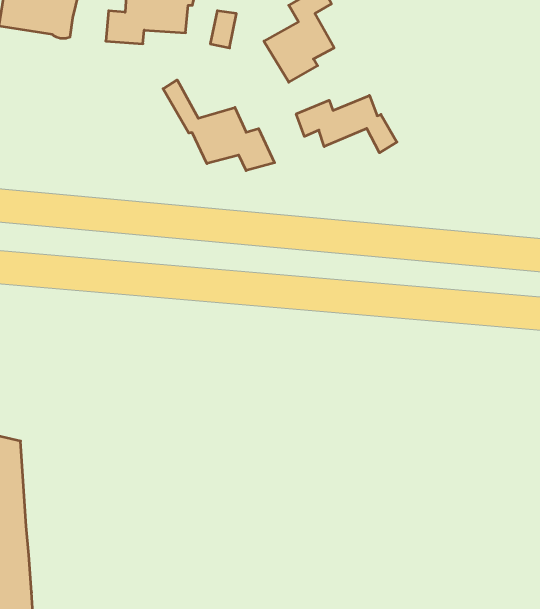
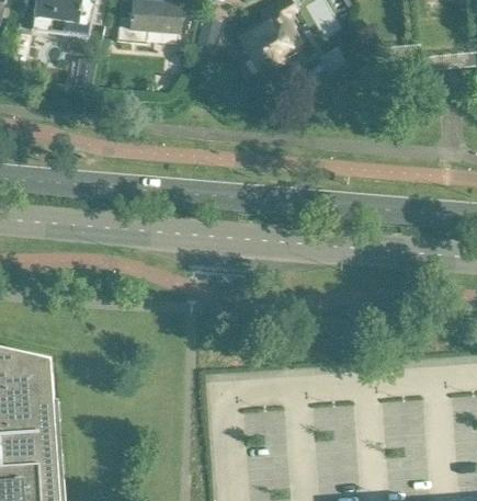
building: [163,80,275,171] -> none
building: [296,95,397,153] -> none

